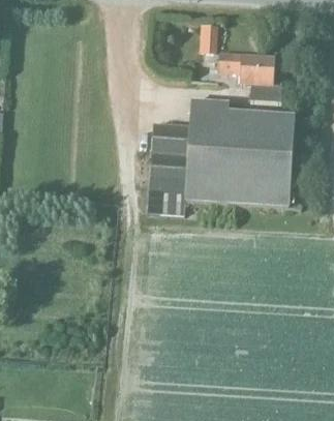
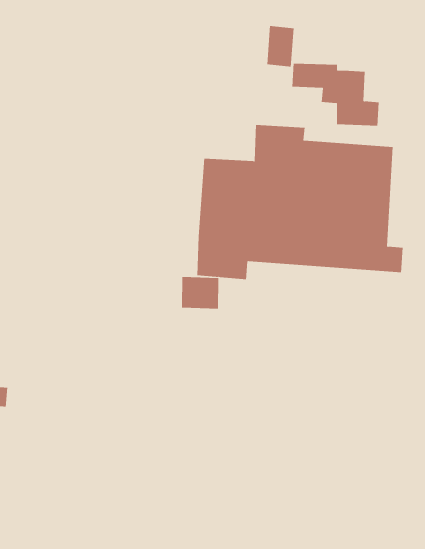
building: none -> [182,276,219,310]

